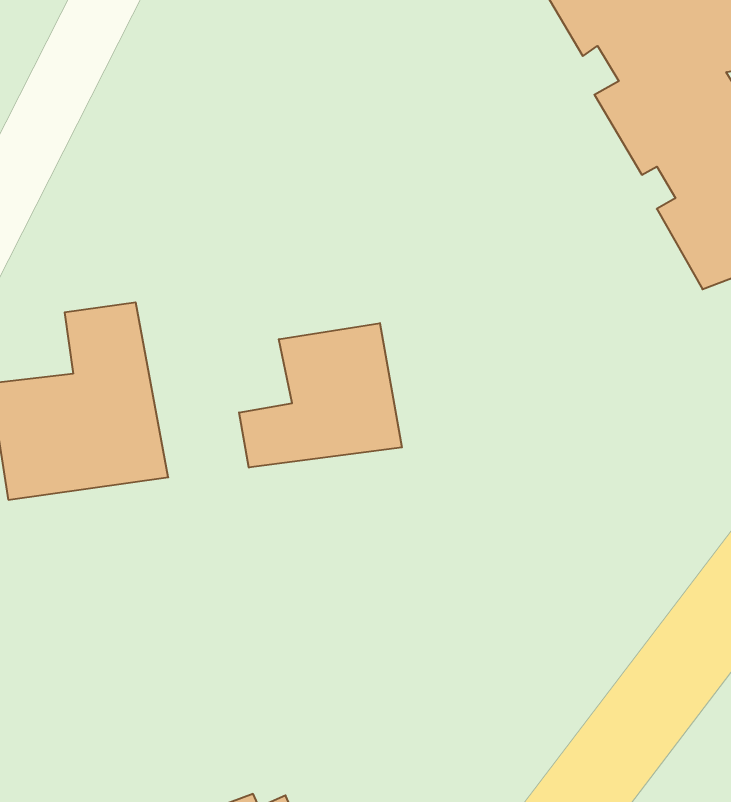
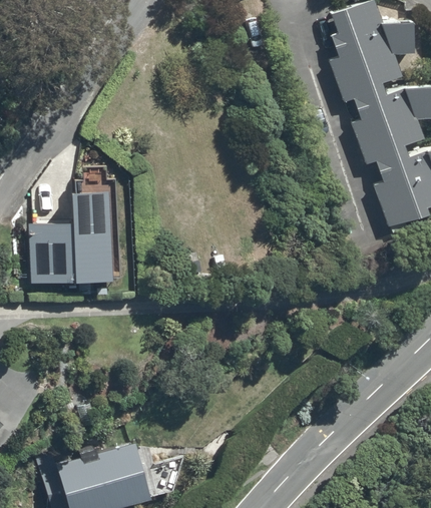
building: [239,323,402,468] -> none

